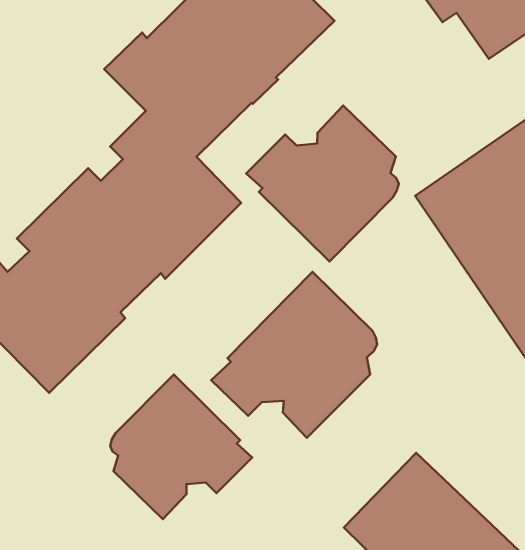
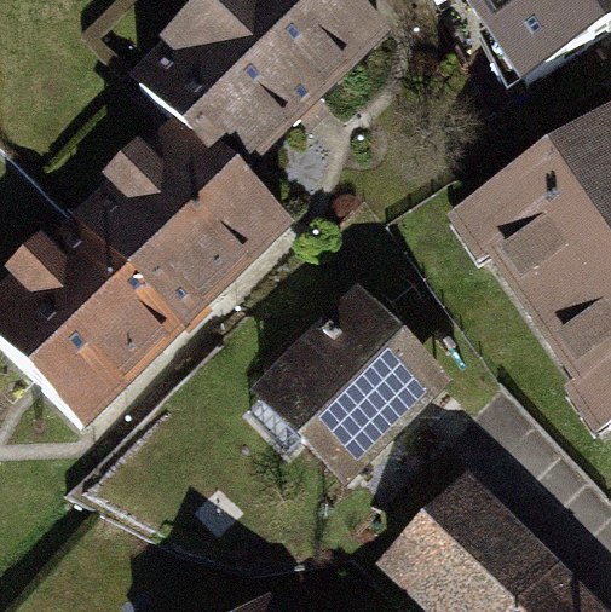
building: [246,106,399,261] -> none
building: [110,374,252,519] -> none

